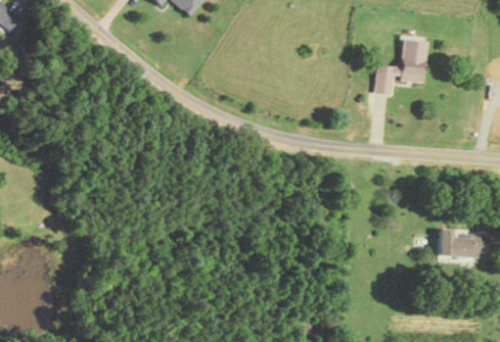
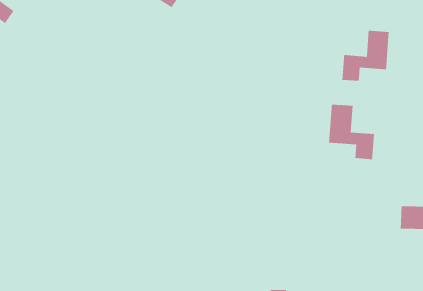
building: none -> [328,104,375,160]

